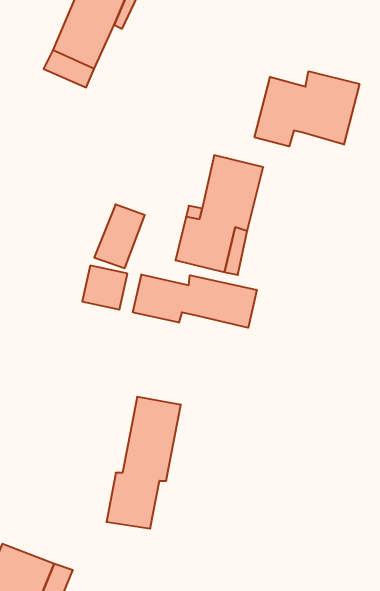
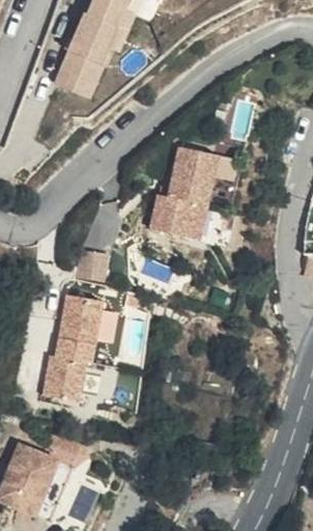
building: [255,71,359,146] -> none
building: [133,274,257,328] -> none
building: [106,397,181,529] -> [41,305,99,408]

